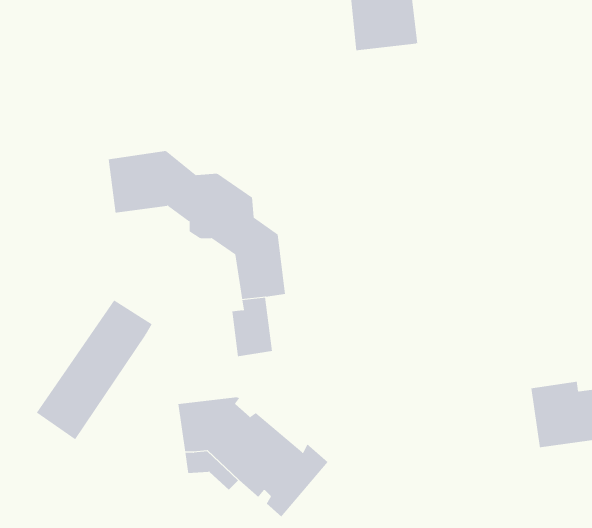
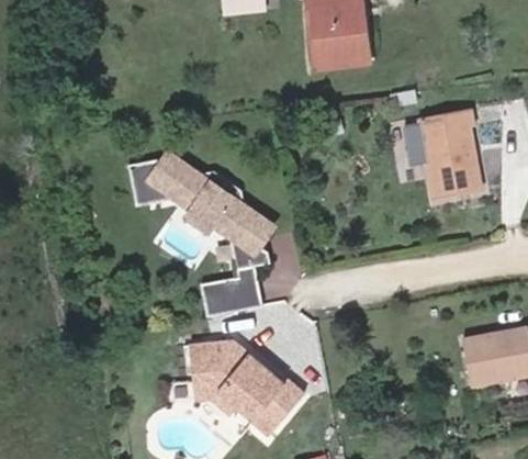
building: none -> [415,102,480,198]
building: [36,299,152,440] -> none
building: none -> [199,277,232,316]

